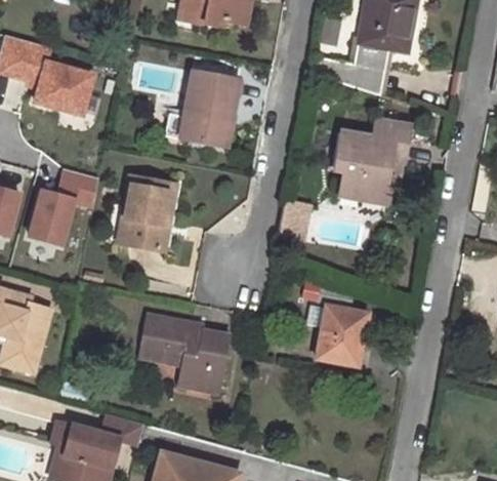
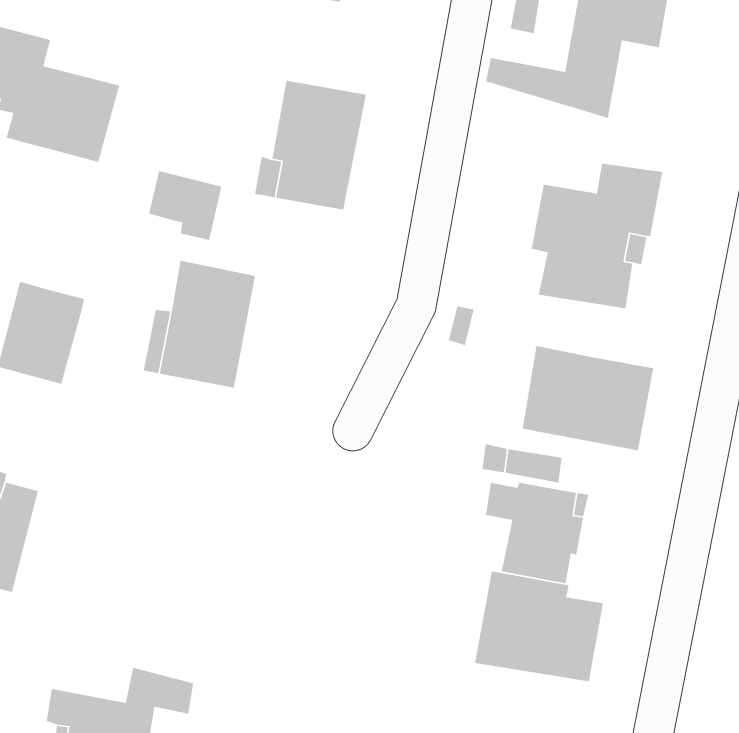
building: [56,168,99,209] -> [148,170,222,241]
building: none -> [522,345,654,451]
building: [138,315,231,394] -> none
building: none -> [474,570,604,682]

